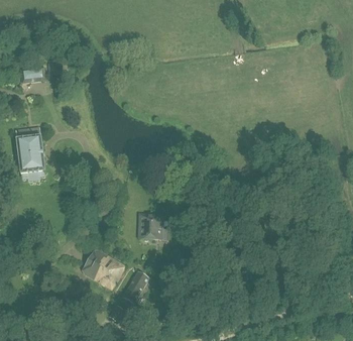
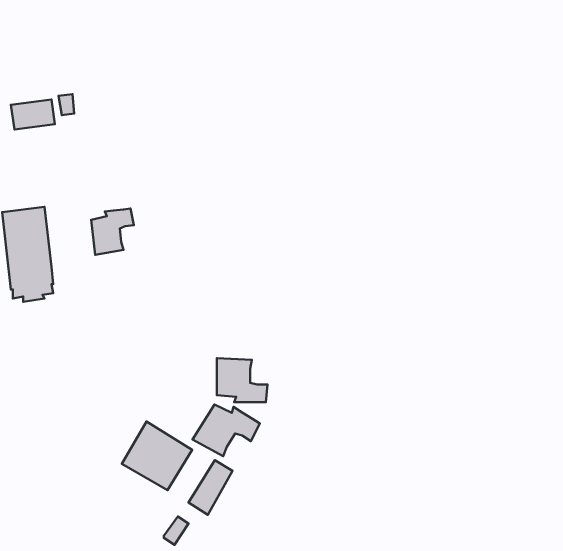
building: none -> [91,209,134,255]
building: none -> [193,404,260,456]

